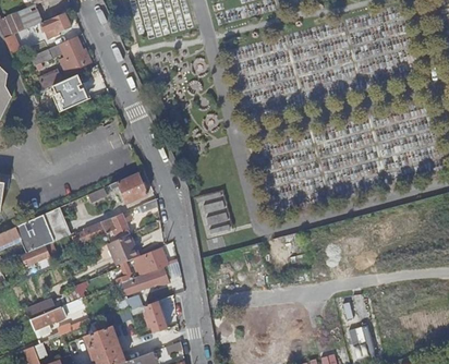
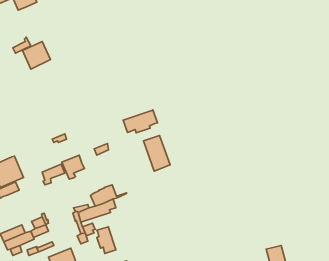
building: [32,36,87,72] -> none
building: none -> [123,110,157,133]
building: [117,173,146,203] -> none
building: [43,208,68,241] -> none
building: [99,234,139,266] -> none

